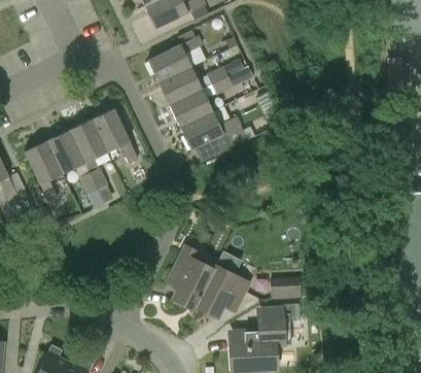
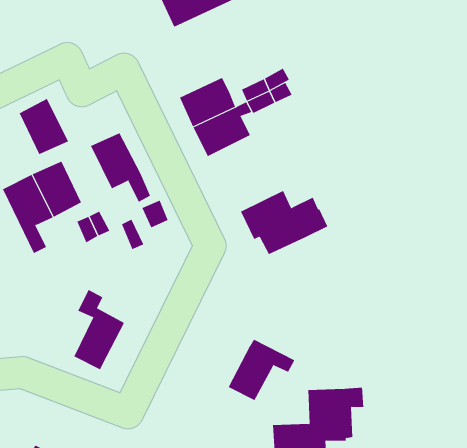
building: [148,30,203,82] -> none
building: [181,111,248,161] -> [240,190,328,255]
building: [70,120,108,163] -> [19,98,69,155]
building: [174,246,213,308] -> [73,289,125,370]
building: [272,277,302,297] -> none

